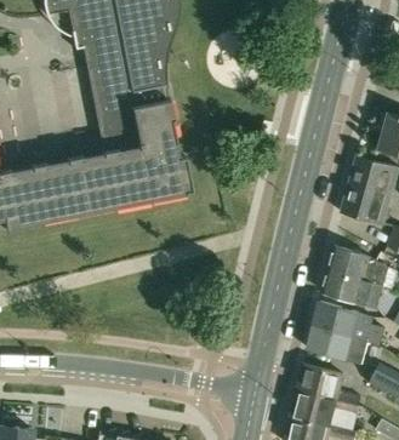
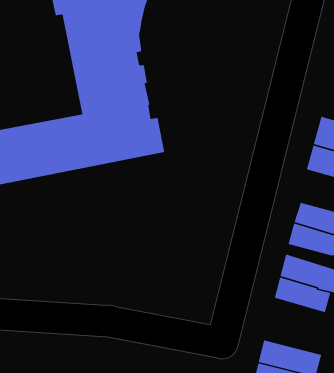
building: [296,364,360,407] -> none

